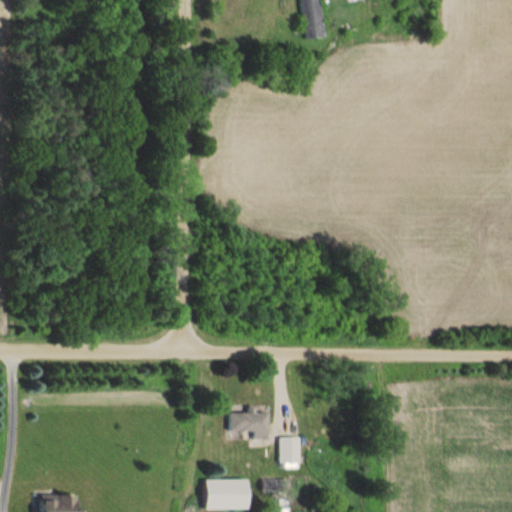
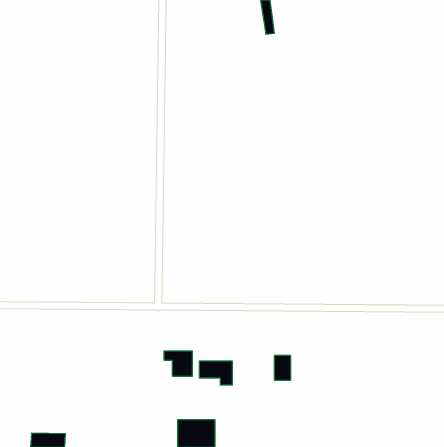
building: none -> [164,351,192,376]
building: [281,438,300,466] -> [274,356,291,380]

